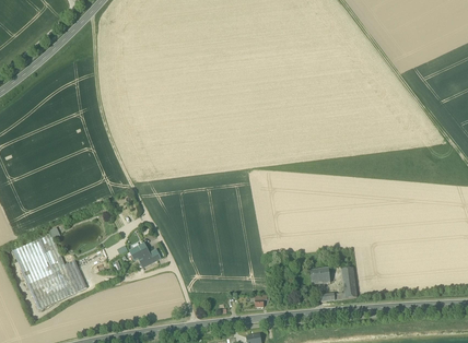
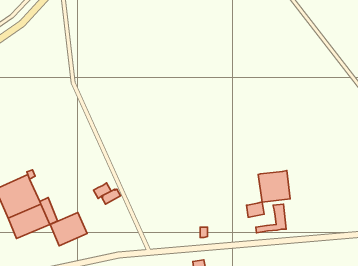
building: none -> [258,171,290,202]
building: none -> [50,213,87,246]

